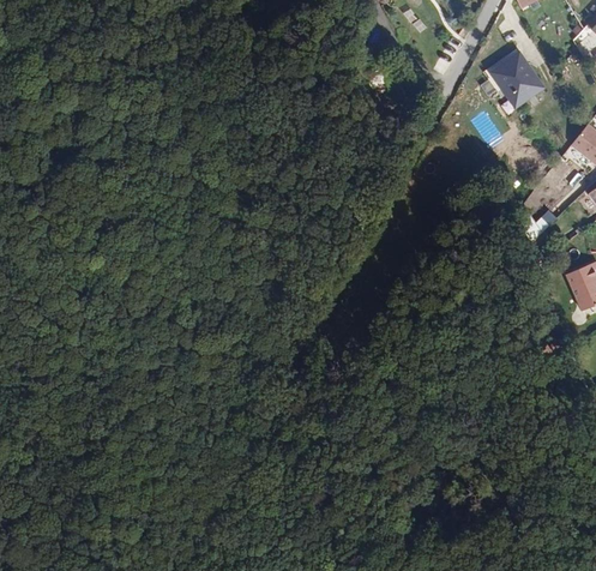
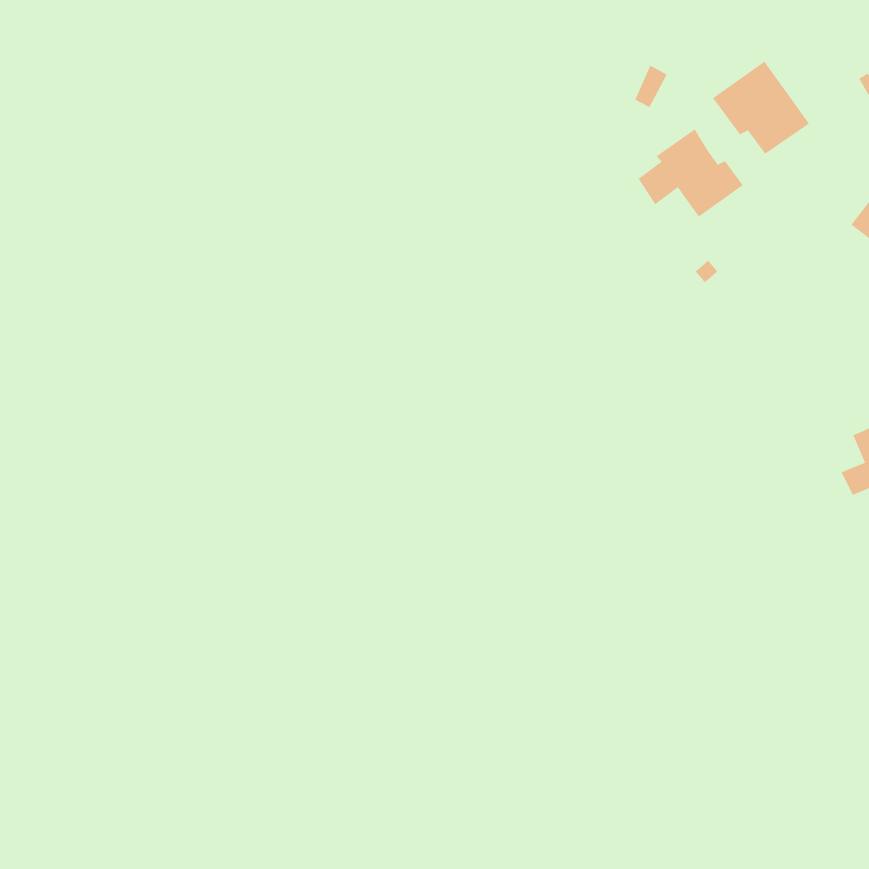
building: none -> [638,128,743,217]

